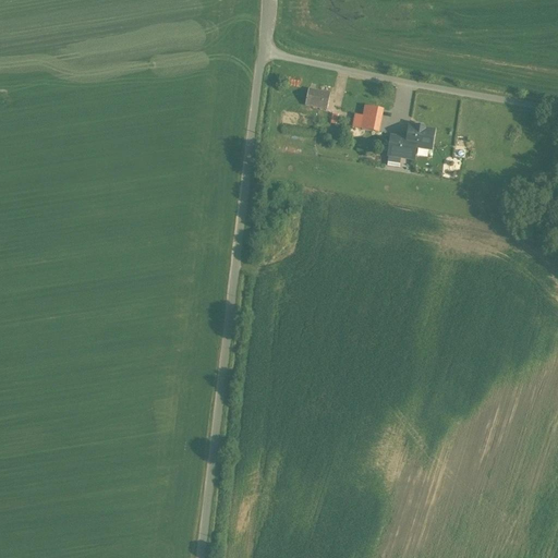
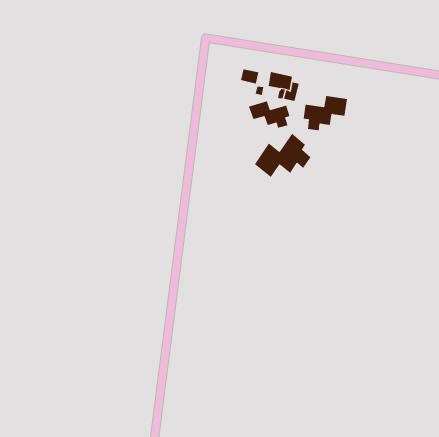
building: none -> [248,100,290,129]
building: none -> [254,133,311,178]

